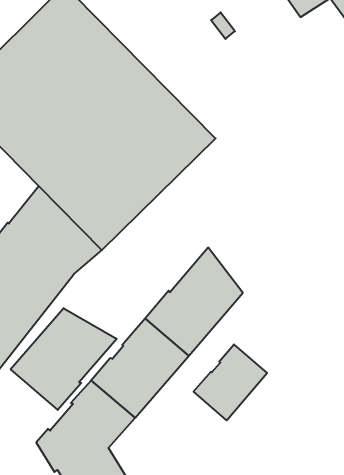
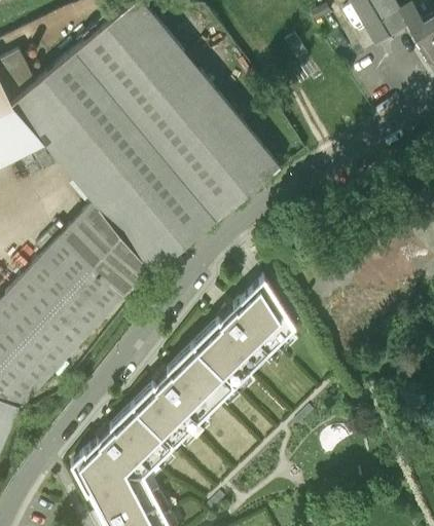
building: [11,308,117,410] -> none
building: [194,344,267,420] -> none

